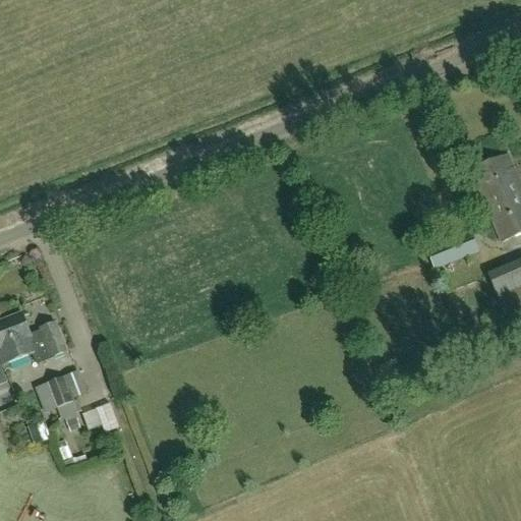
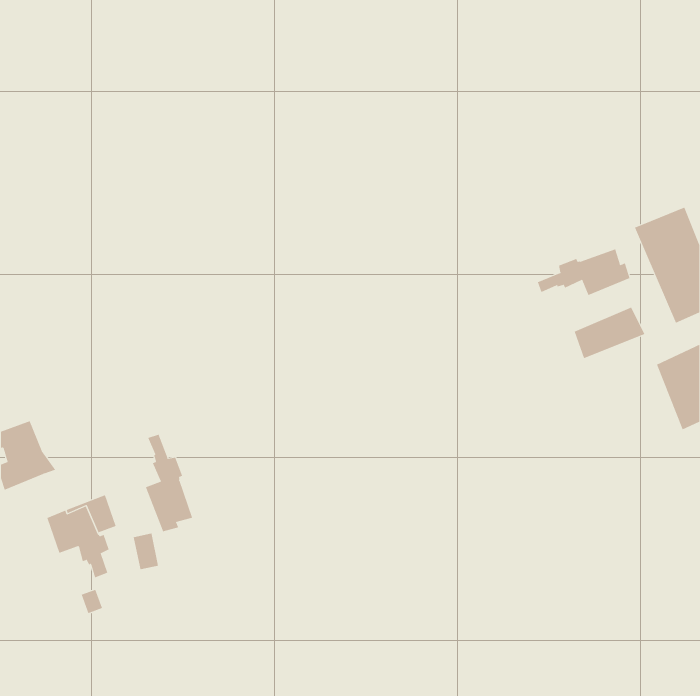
building: none -> [537,248,630,296]
building: [32,322,67,362] -> none
building: none -> [145,434,193,532]

